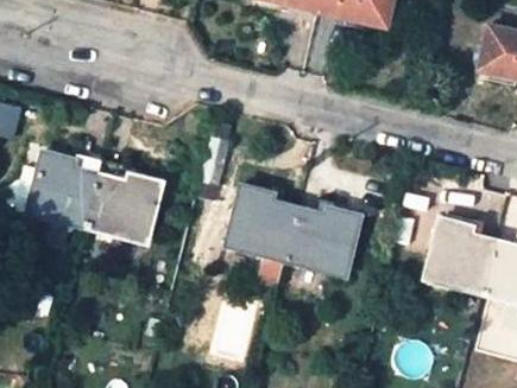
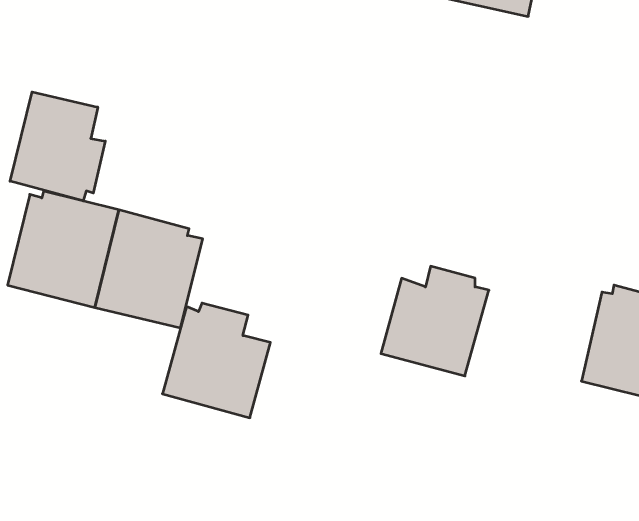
building: none -> [10,92,105,201]
building: [226,182,301,261] -> [162,303,270,418]

